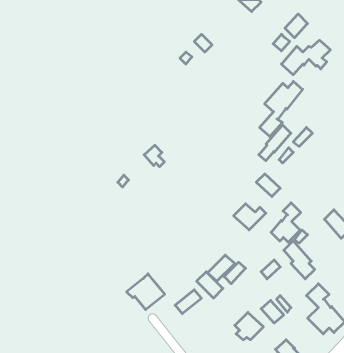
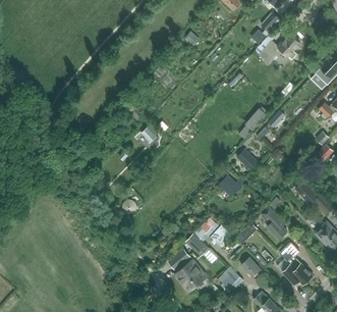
building: [260,81,303,137] -> none
building: [271,203,301,242] -> none
building: [127,274,165,310] -> [174,259,207,290]

